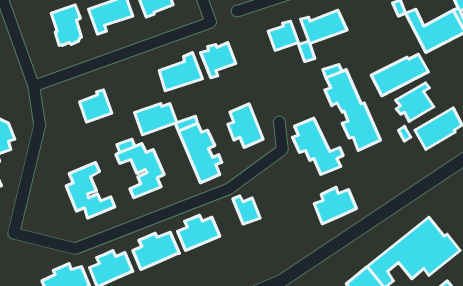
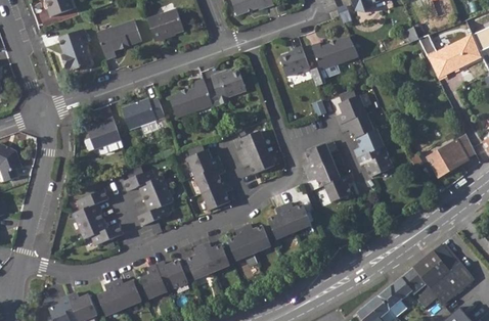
building: [371,54,429,96] -> none
building: [396,83,434,122] -> none
building: [134,103,177,135] -> [122,98,165,130]
building: [314,187,356,224] -> [269,202,312,239]
building: none -> [228,227,258,266]

